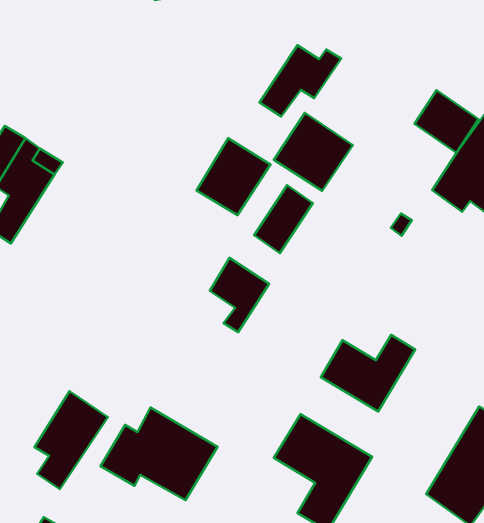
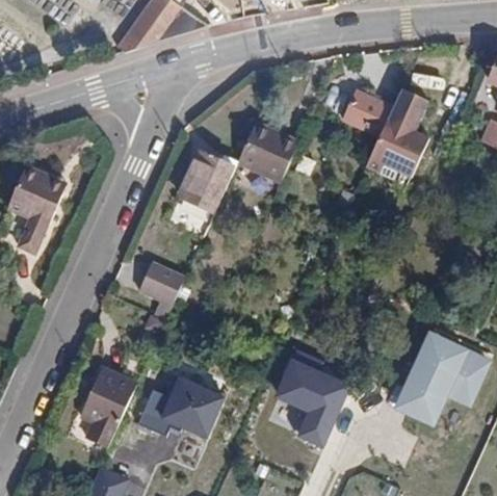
building: [260,45,341,117] -> none
building: [254,185,313,253] -> none
building: [210,258,269,332] -> [138,261,184,318]
building: [321,335,415,412] -> none

